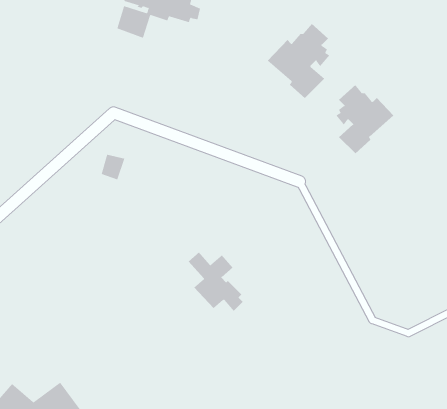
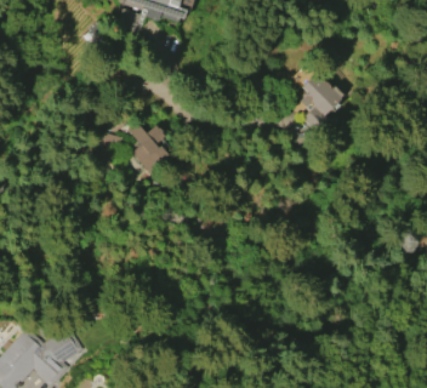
building: [267,23,330,99] -> none
building: [188,252,243,312] -> [126,122,173,173]

